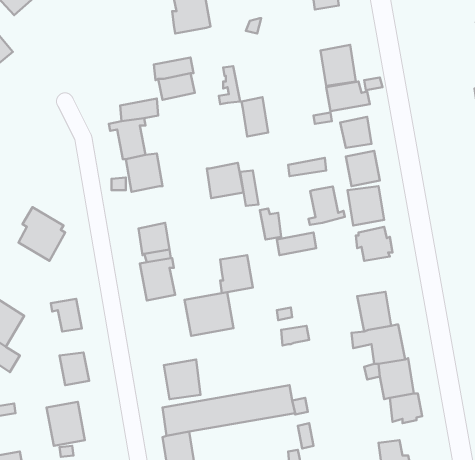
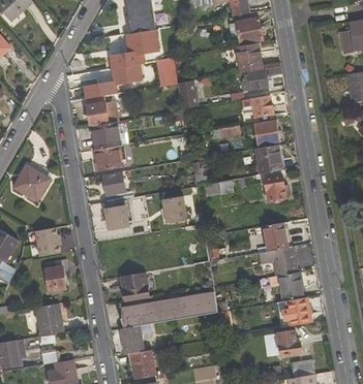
building: none -> [230,15,263,43]
building: none -> [127,28,159,51]
building: [207,163,244,198] -> [95,145,122,170]
building: [309,187,345,225] -> none
building: [185,292,234,336] -> none

